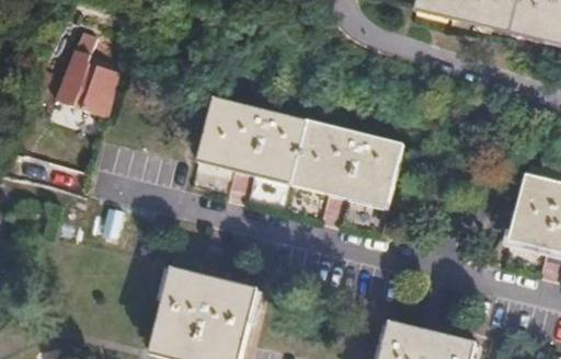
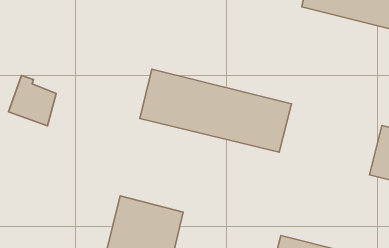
building: [55,46,119,114] -> [9,76,56,126]

